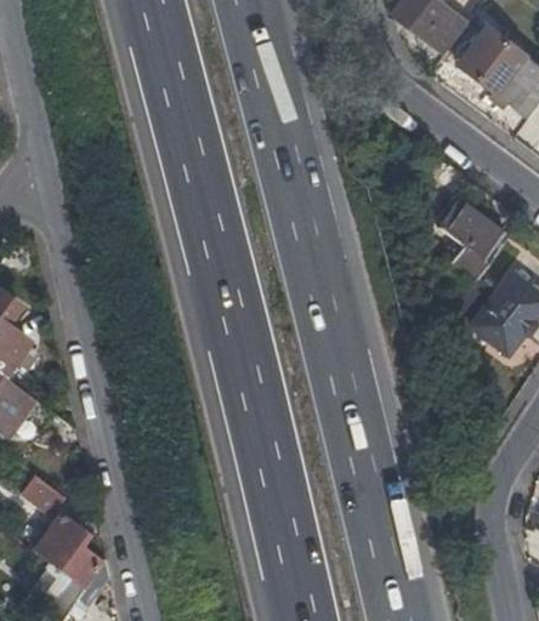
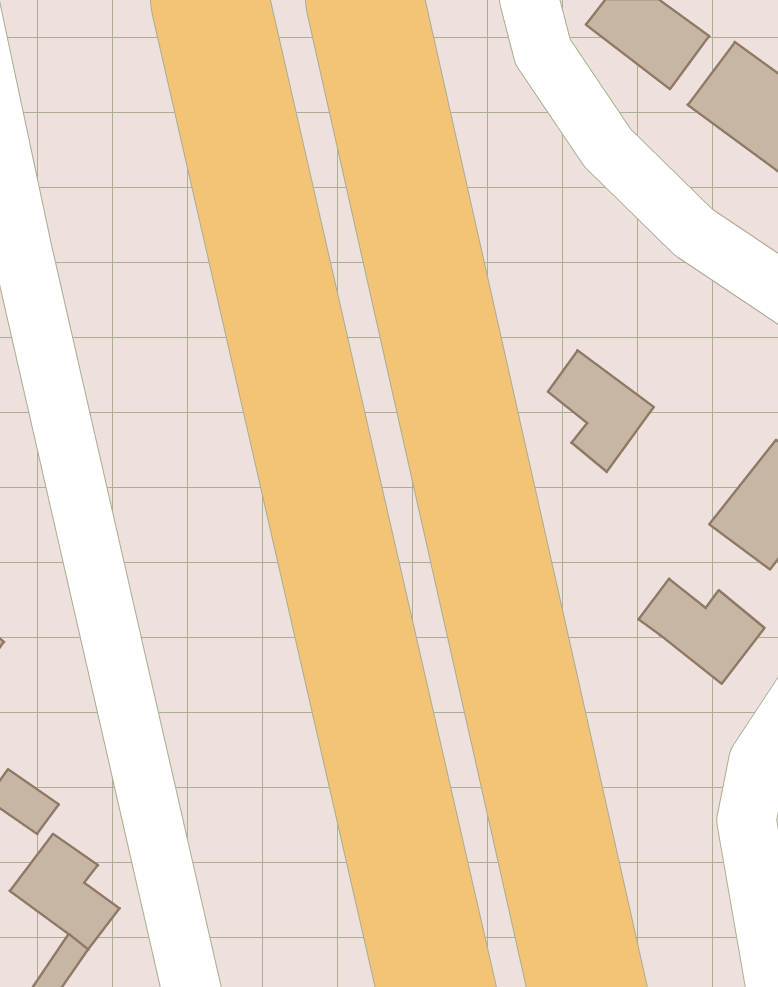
building: [439,204,505,279] -> [548,350,654,472]
building: none -> [638,579,764,684]

